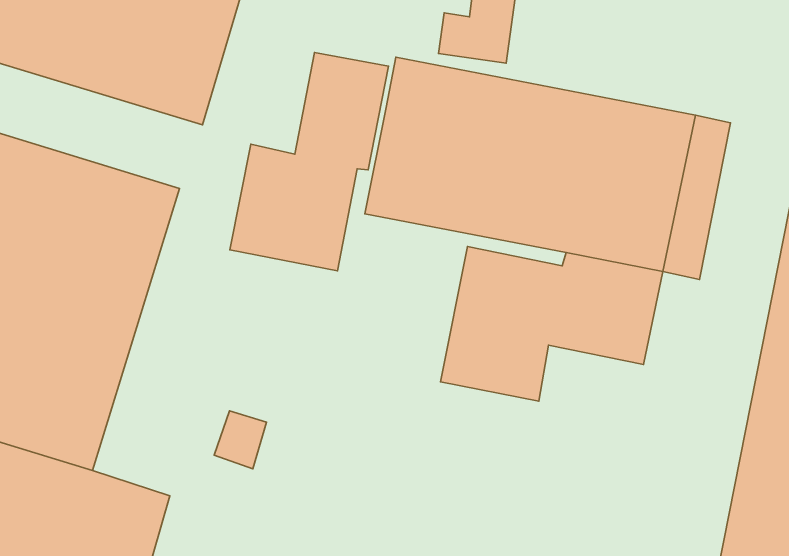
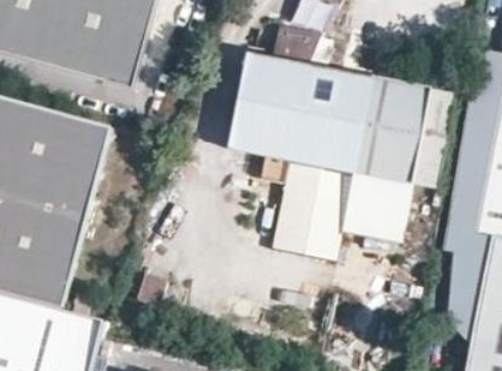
building: [230,52,389,271] -> none

